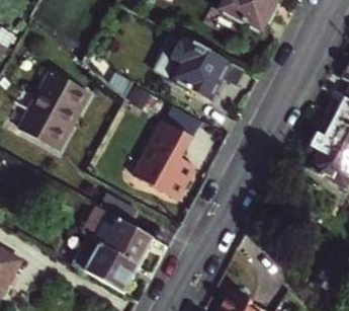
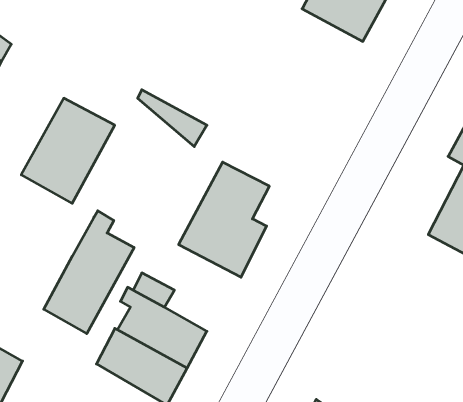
building: [168,36,242,99] -> none
building: none -> [44,211,134,334]

